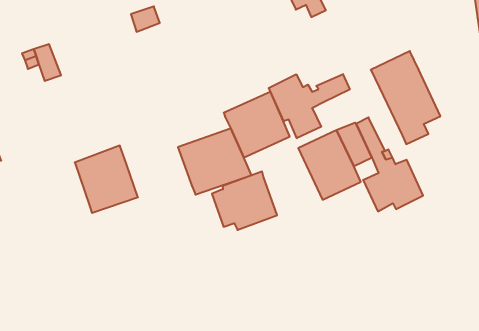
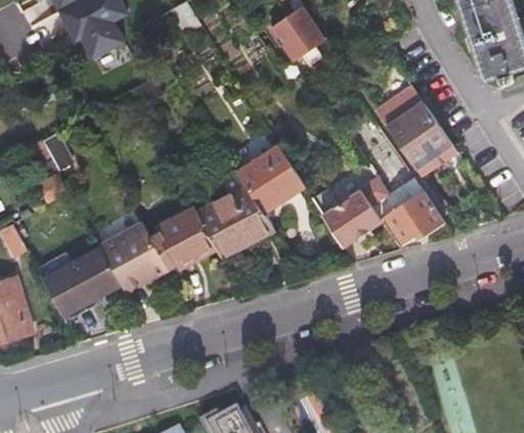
building: [269,74,350,138] -> none
building: none -> [39,245,120,318]
building: [212,171,277,230] -> [149,209,217,270]

